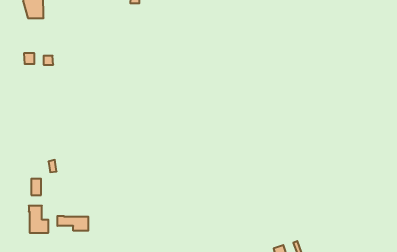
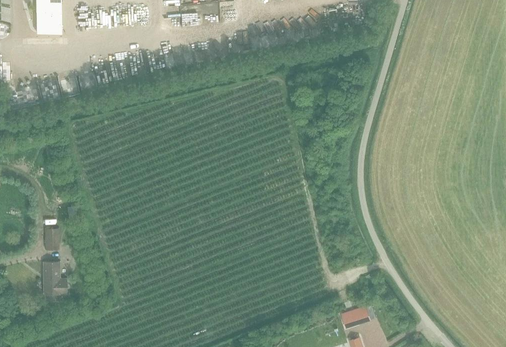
building: [57,216,88,231] -> none

